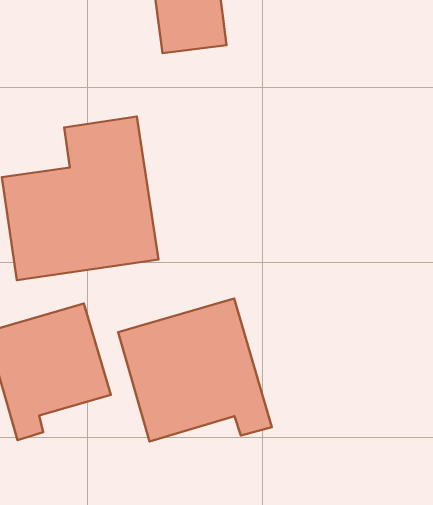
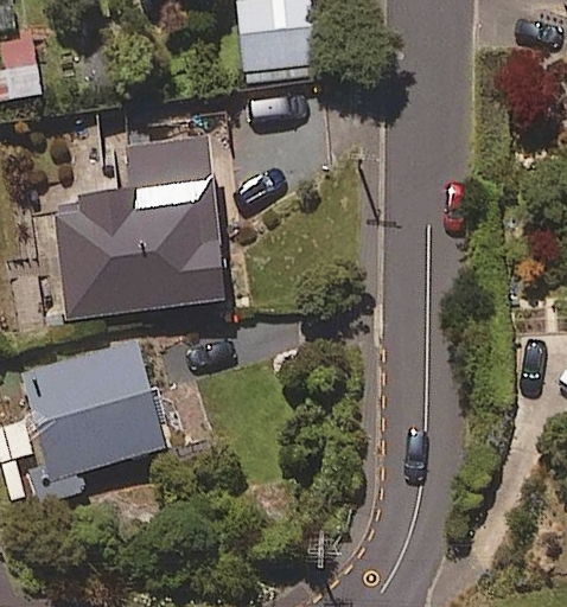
building: [118,298,272,441] -> none

